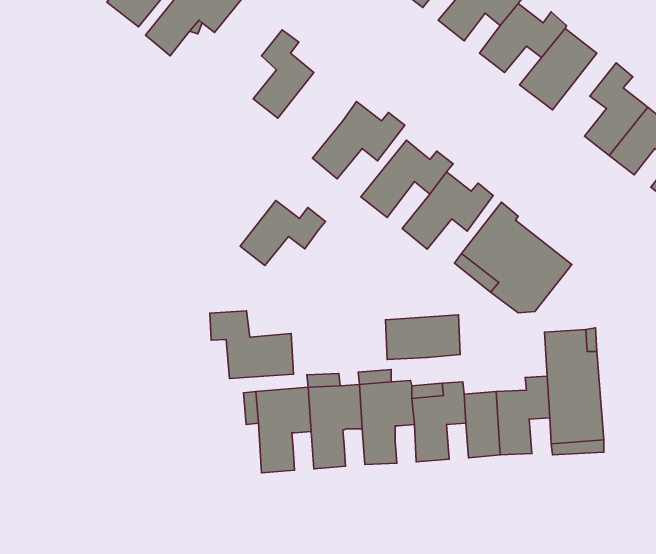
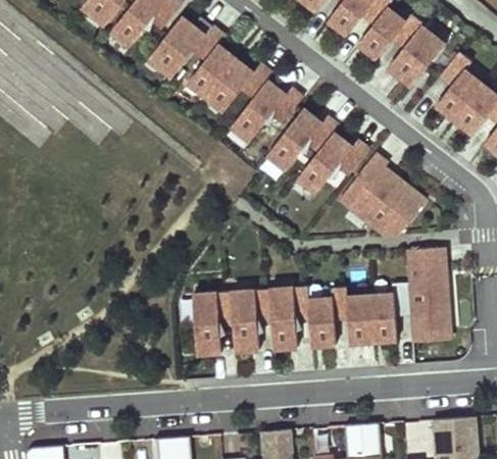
building: none -> [152,16,212,73]
building: [240,201,326,266] -> [209,59,272,107]
building: [210,311,294,379] -> none
building: [385,315,460,359] -> none

